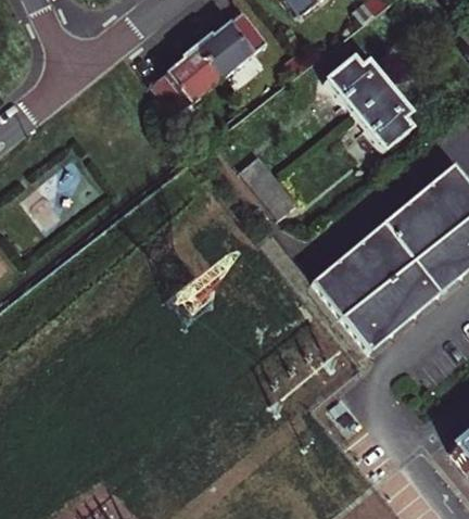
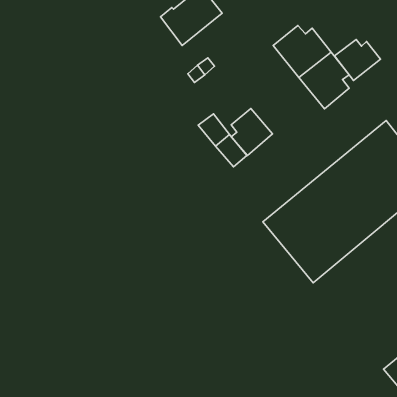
building: [153,45,221,113] -> none
building: none -> [335,40,381,81]
building: none -> [231,108,273,156]

